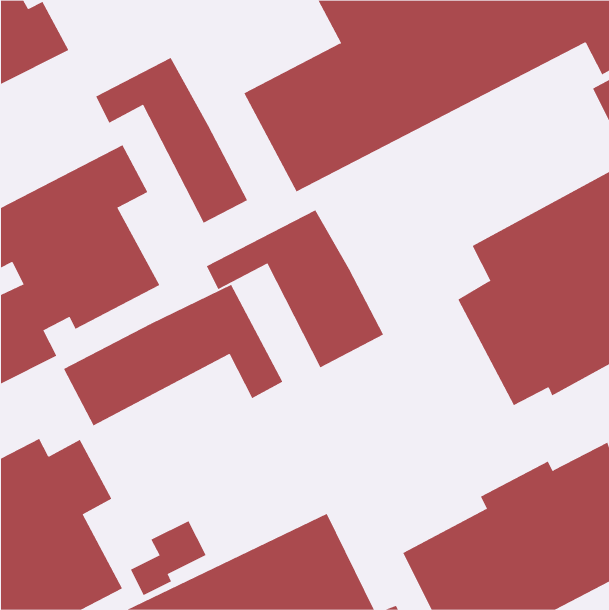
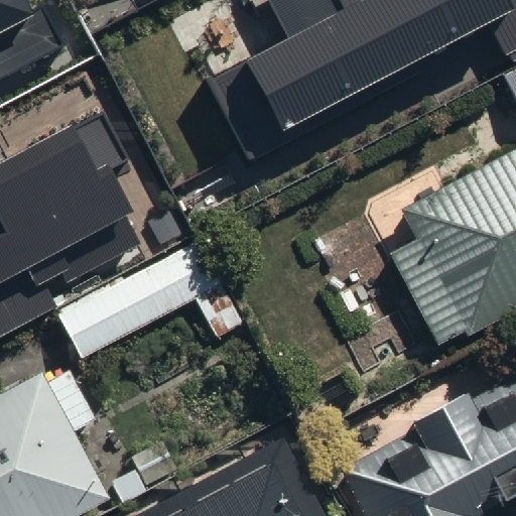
building: [95,57,248,223] -> none
building: [206,209,384,368] -> none

